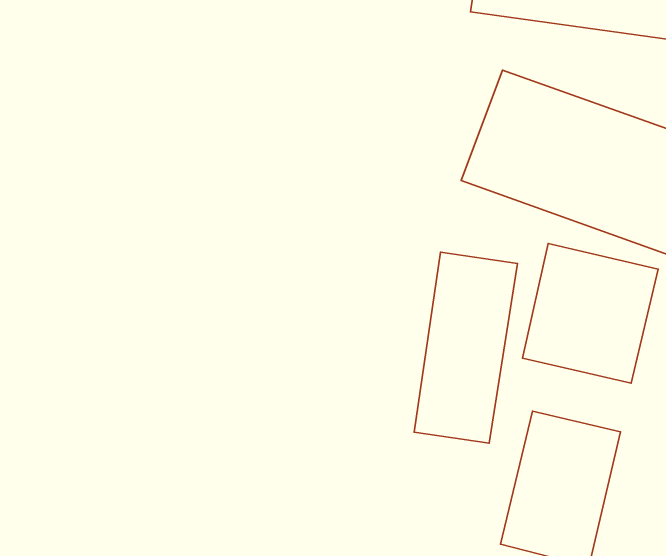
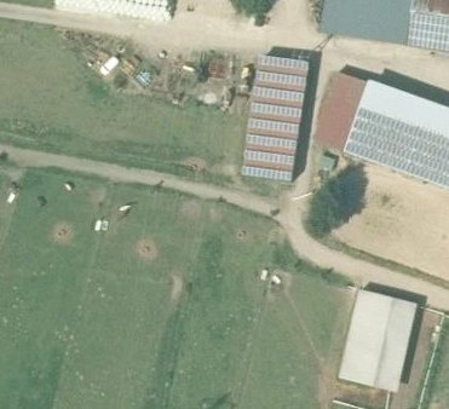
building: [522,243,658,383] -> none
building: [414,252,517,443] -> [242,56,309,179]

